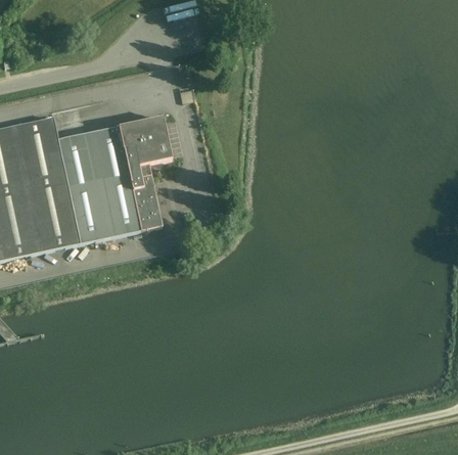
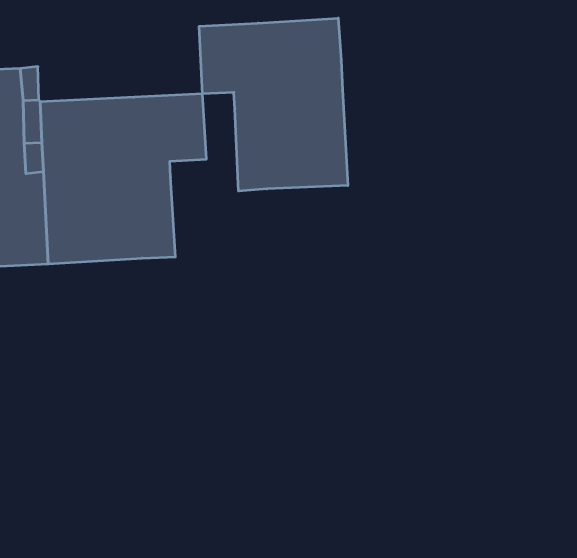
building: none -> [199,18,348,191]

